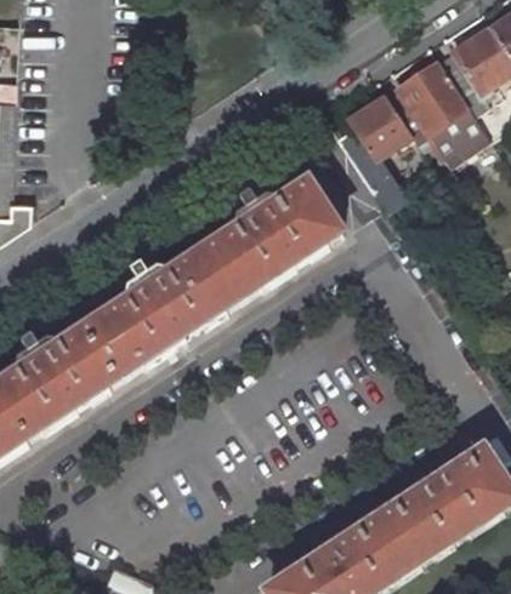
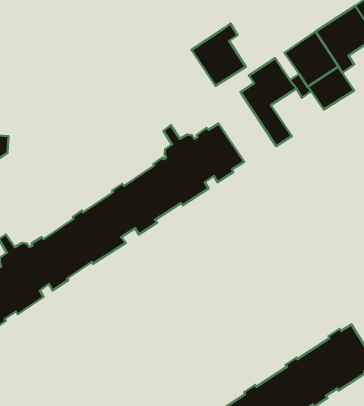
building: none -> [191,24,246,86]

